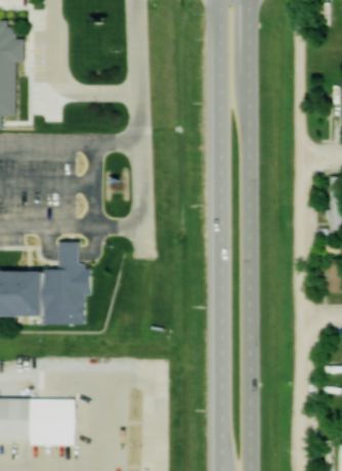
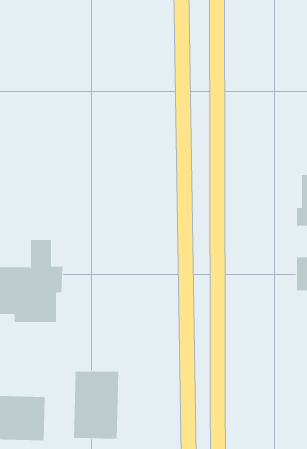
building: none -> [73,371,119,440]

